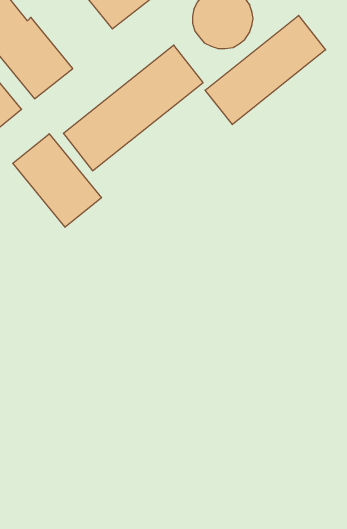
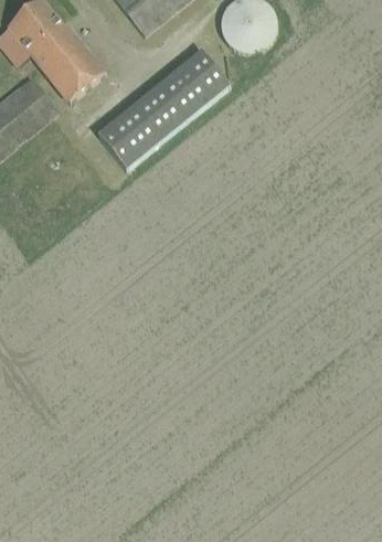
building: [205,15,326,125] -> none
building: [13,134,101,227] -> none

